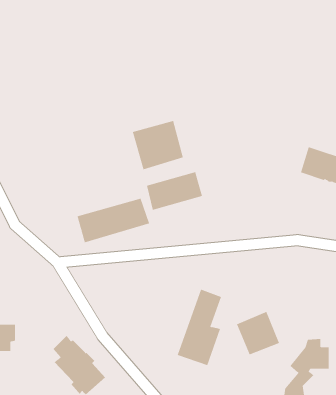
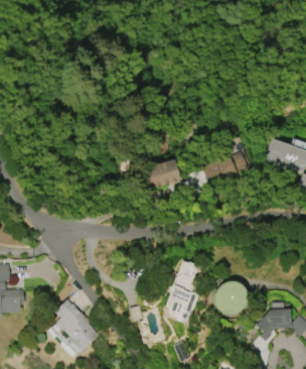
building: [132,120,184,170] -> none
building: none -> [204,151,250,187]
building: [77,198,150,243] -> none

